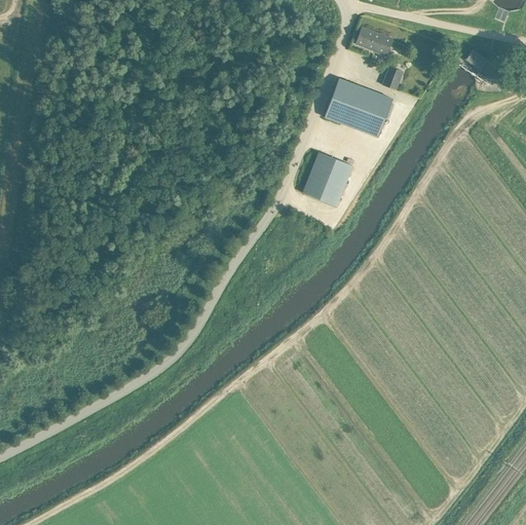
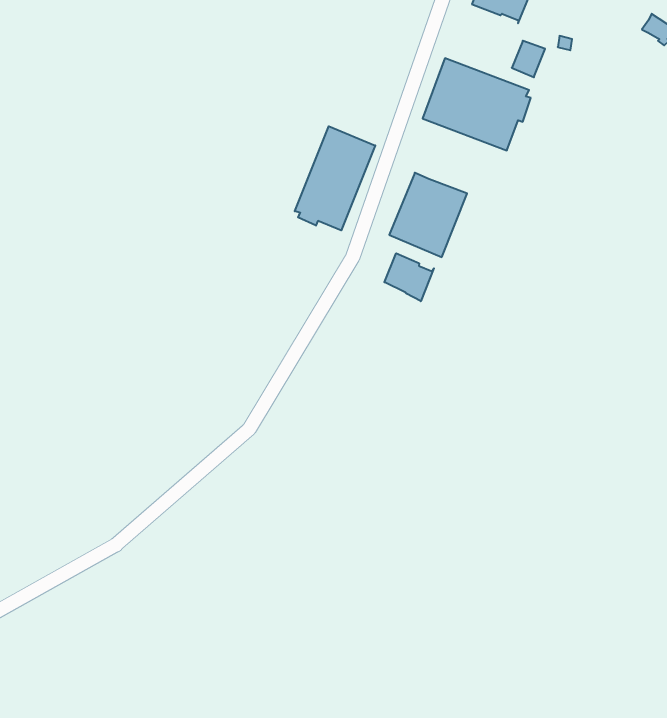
building: none -> [295,126,375,230]
building: none -> [384,253,434,301]

